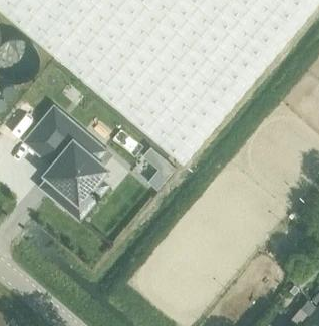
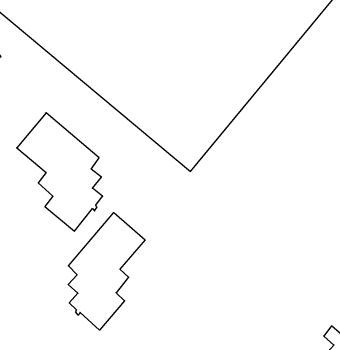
building: none -> [68,213,145,330]

